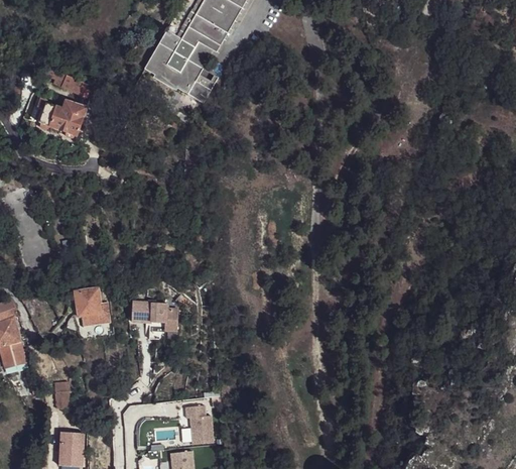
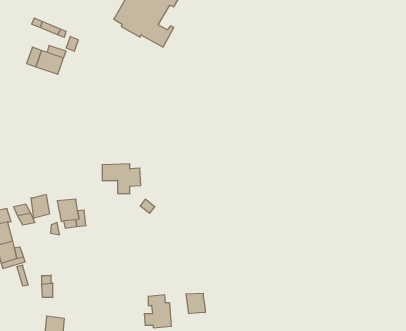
building: none -> [31,195,49,218]
building: [132,300,179,336] -> [102,164,141,194]
building: none -> [186,293,205,314]

